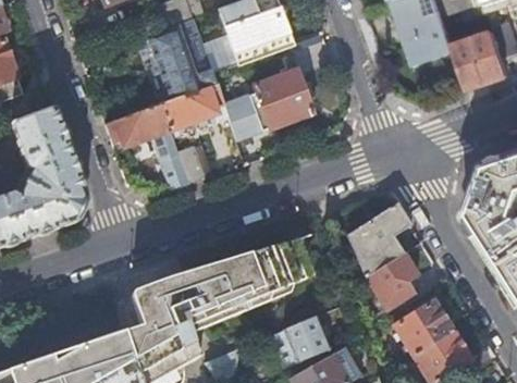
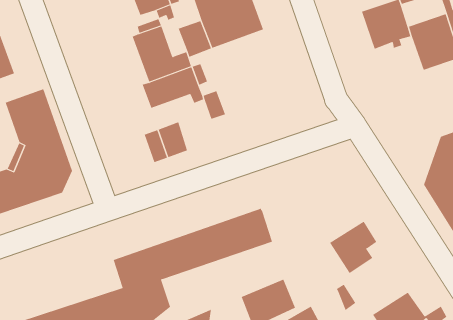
building: [253,69,311,129] -> none
building: [106,103,171,146] -> none
building: [345,200,410,276] -> none
building: [393,299,451,354] -> none

